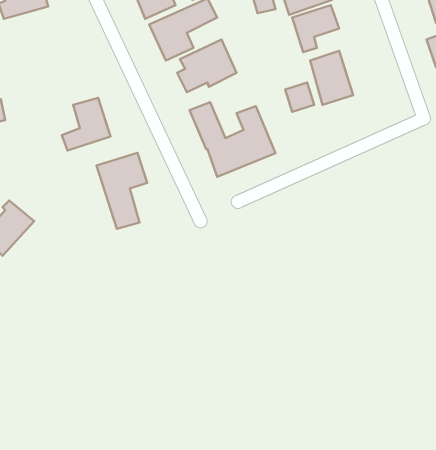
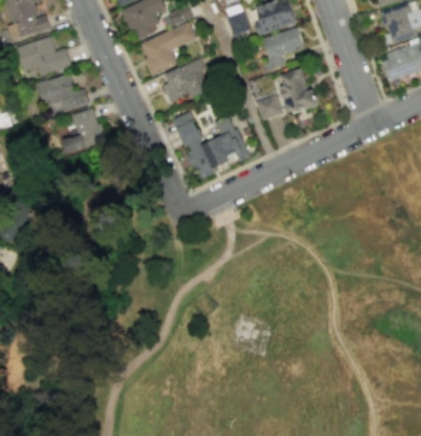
building: none -> [16,36,71,76]
building: none -> [35,73,89,112]
building: [96,153,147,229] -> none

